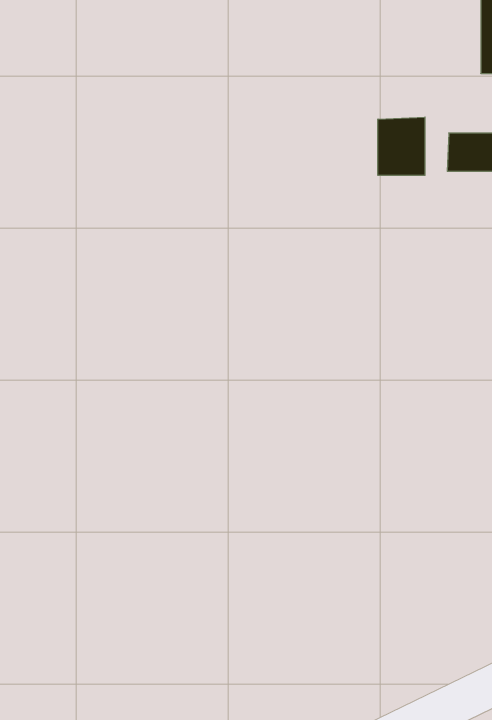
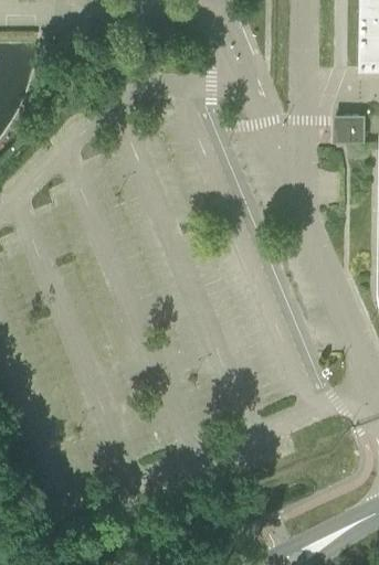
building: [378,117,425,175] -> none

